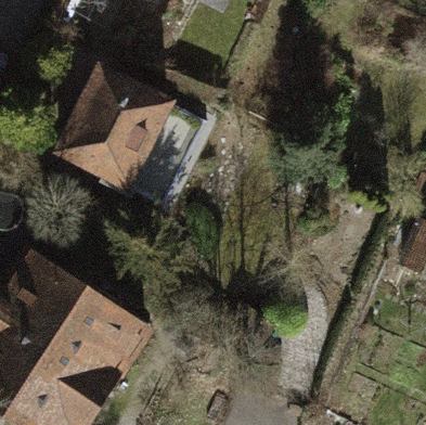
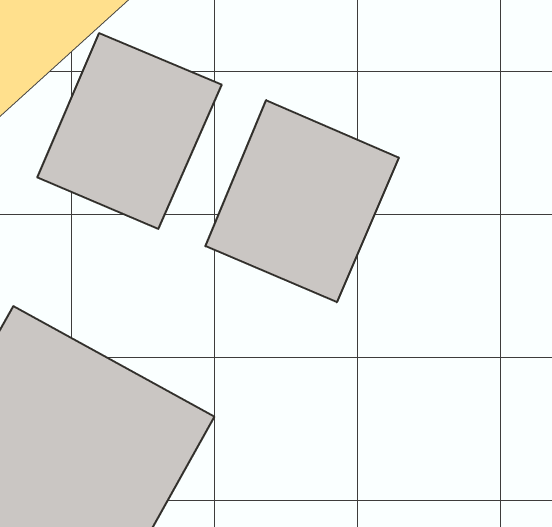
building: none -> [205,100,399,302]

